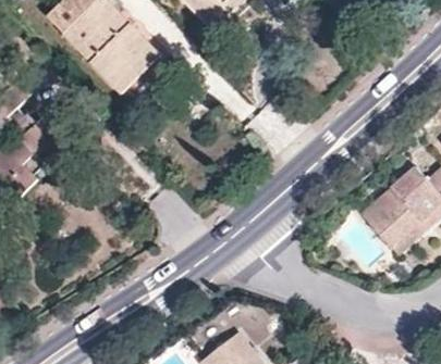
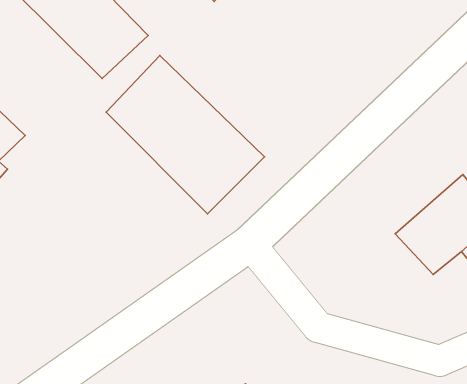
building: none -> [106,56,265,214]

